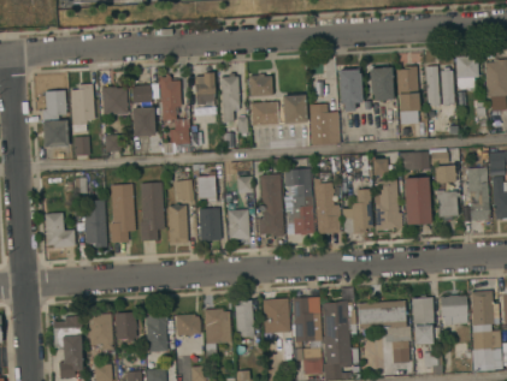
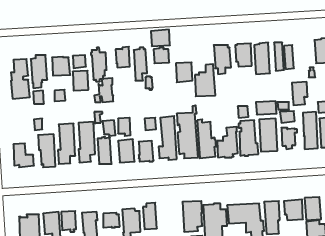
building: [455,55,478,89] -> [292,82,308,105]
building: [250,101,278,125] -> [151,30,170,46]
building: [263,298,289,333] -> none

